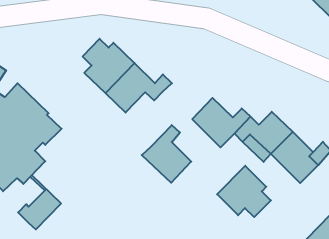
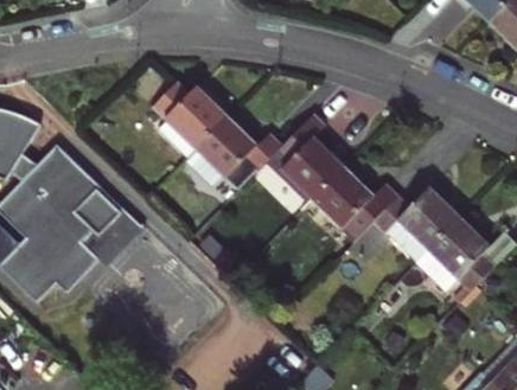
building: [142,125,191,183] -> [269,113,342,197]
building: [217,166,271,217] -> none
building: [18,175,61,229] -> [82,188,145,268]

